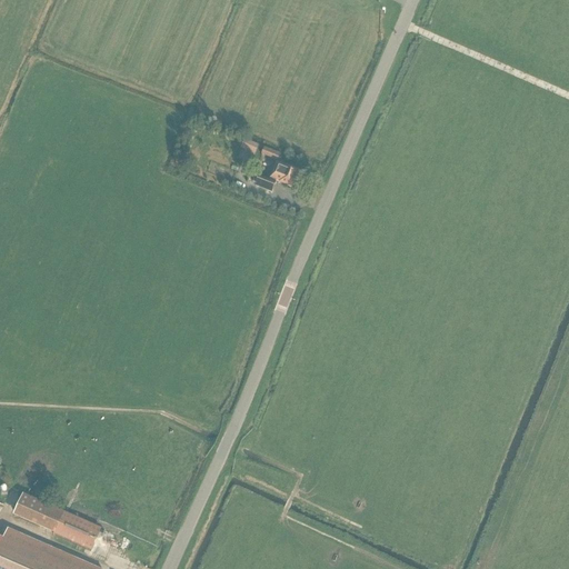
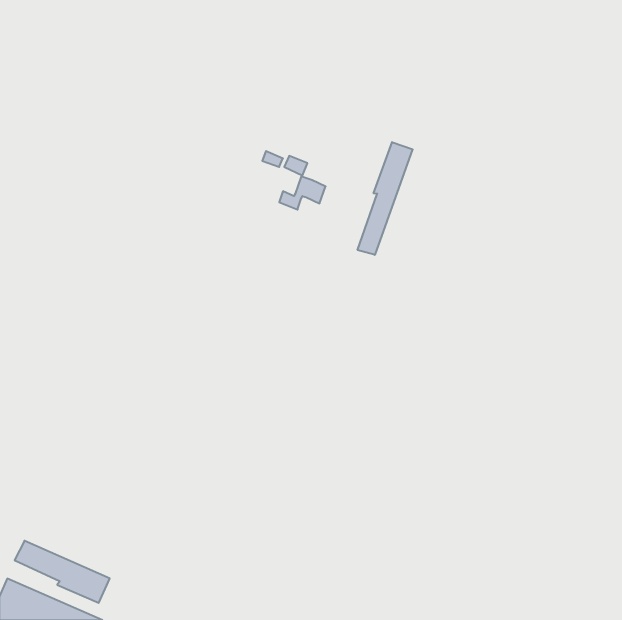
building: none -> [358,142,413,255]

